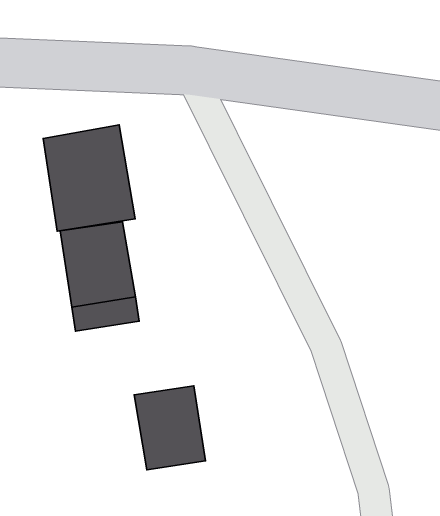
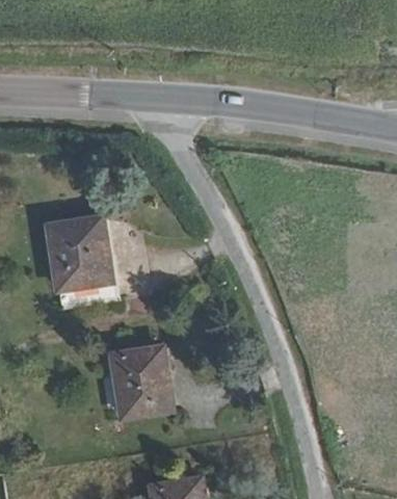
building: [43,125,135,231] -> none

